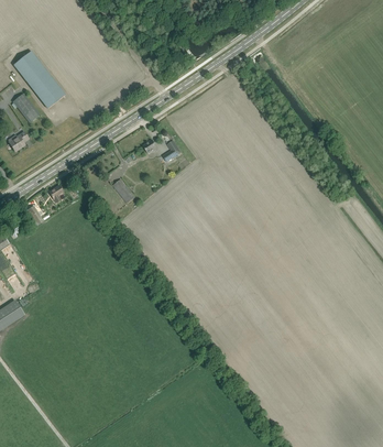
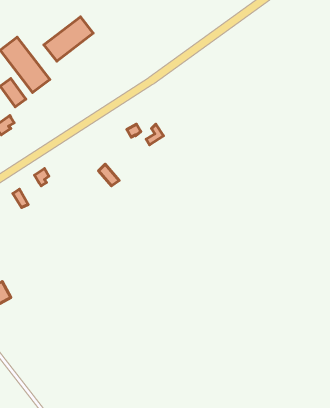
building: none -> [44,17,93,61]

